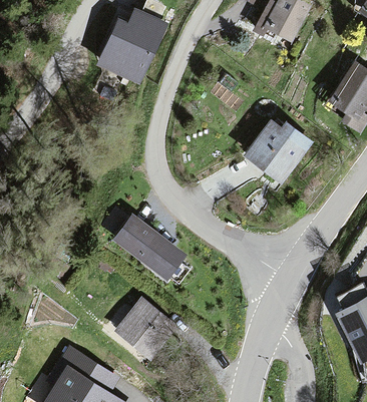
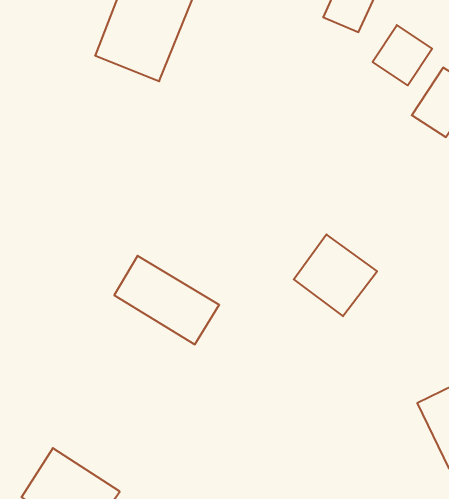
building: none -> [373,25,432,85]
building: [244,125,305,185] -> [294,234,377,316]
building: [115,301,175,361] -> none

